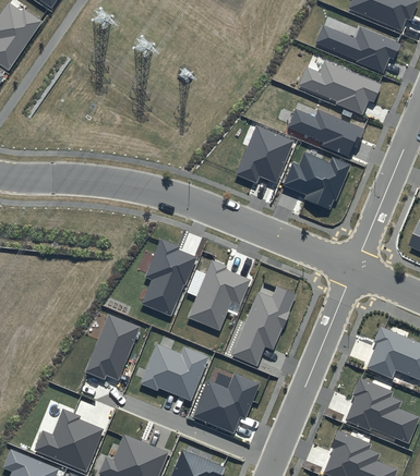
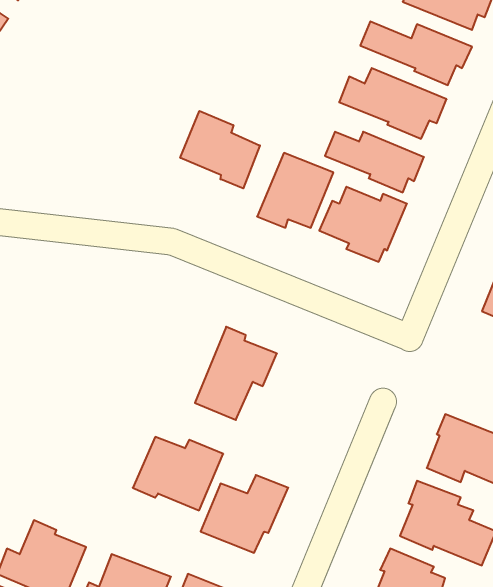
building: none -> [180,111,260,188]
building: [142,239,197,316] -> none
building: [232,286,297,366] -> none
building: [84,314,141,380] -> none

